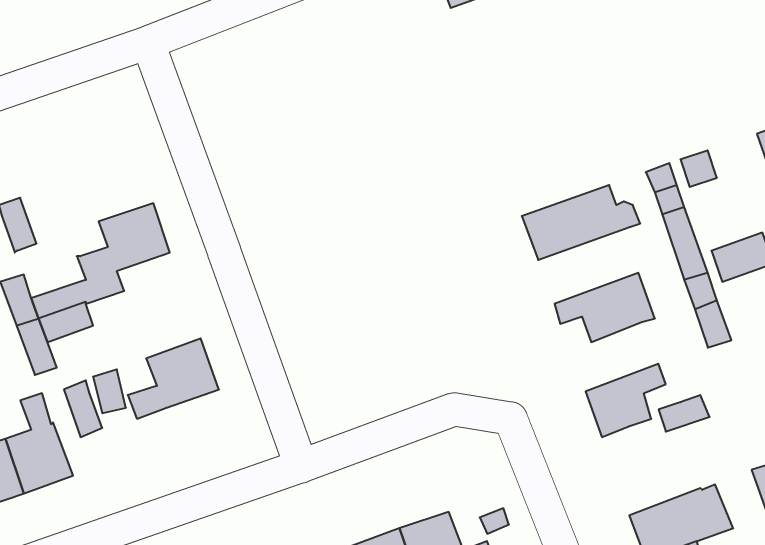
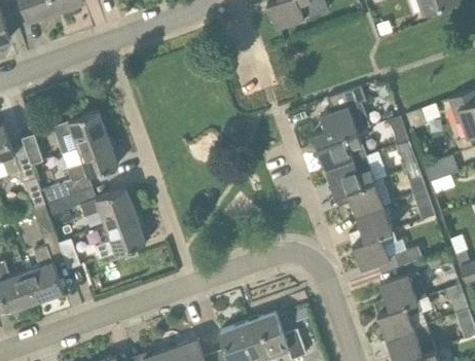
building: none -> [314,86,369,146]
building: none -> [51,110,109,149]
building: none -> [326,152,387,195]
building: none -> [79,188,136,226]
building: none -> [349,206,394,245]
building: none -> [373,273,426,315]

